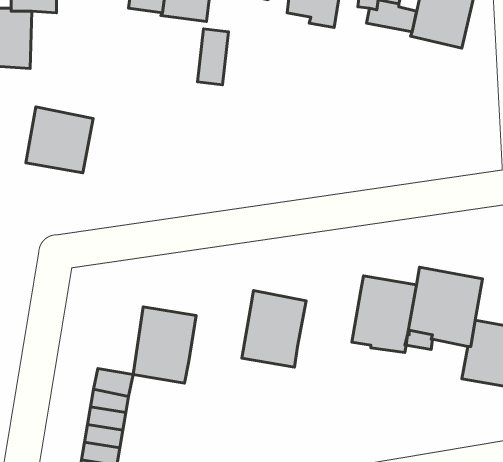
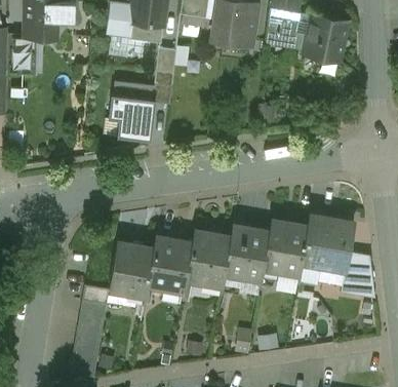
building: [26,107,93,173] -> [106,92,153,139]
building: none -> [224,227,268,280]
building: none -> [148,238,191,291]

